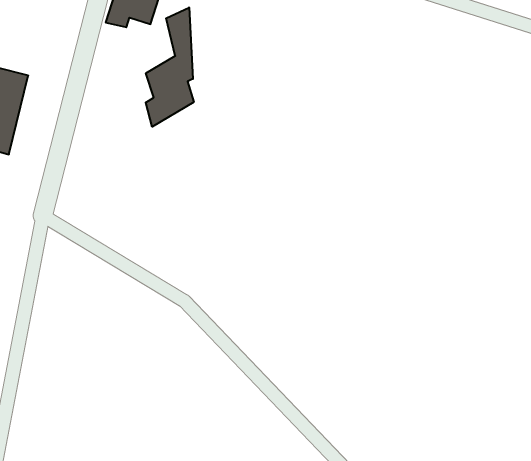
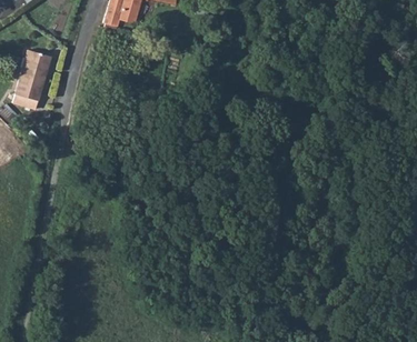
building: [146,7,194,127] -> none

